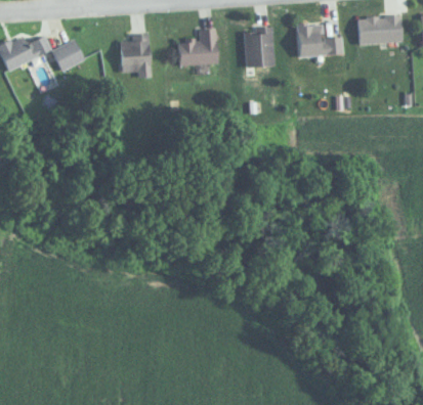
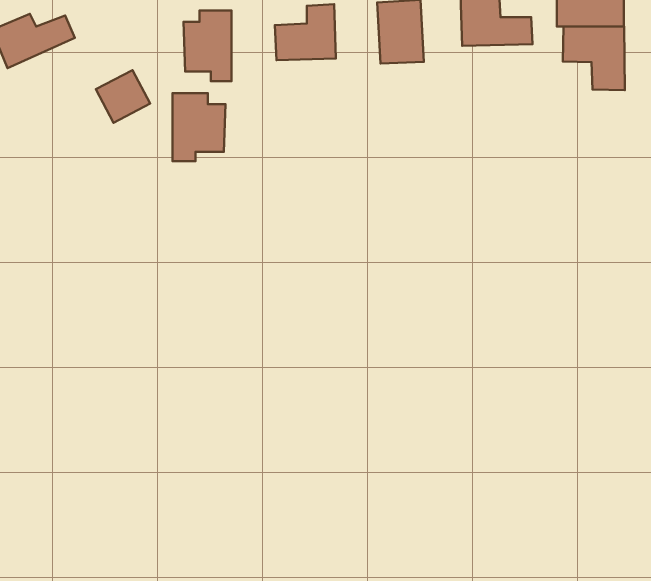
building: [50,39,85,73] -> [96,70,150,123]
building: none -> [563,27,625,90]
building: none -> [172,93,226,161]

